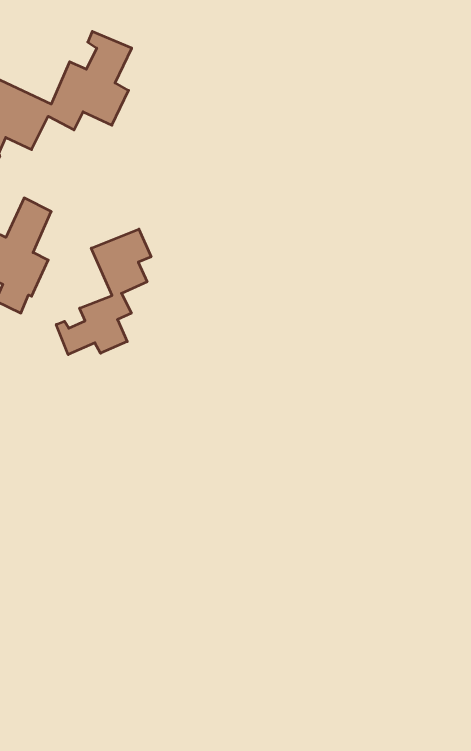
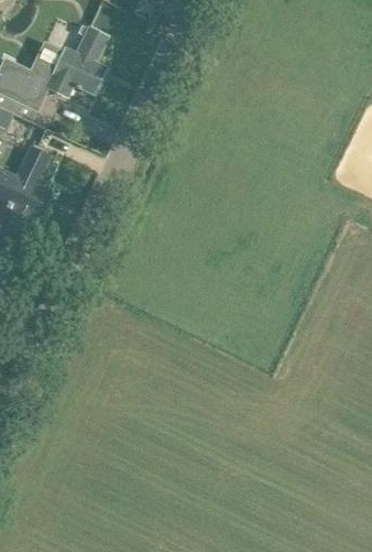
building: [56,229,151,355] -> none

